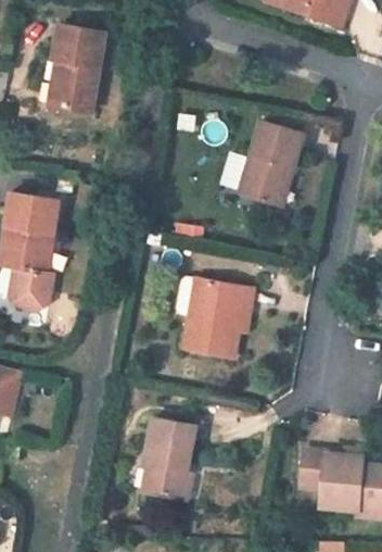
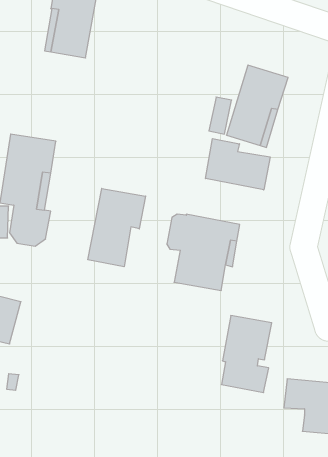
building: none -> [206,139,270,190]
building: none -> [88,188,146,267]
building: [143,417,196,499] -> [221,316,272,393]

